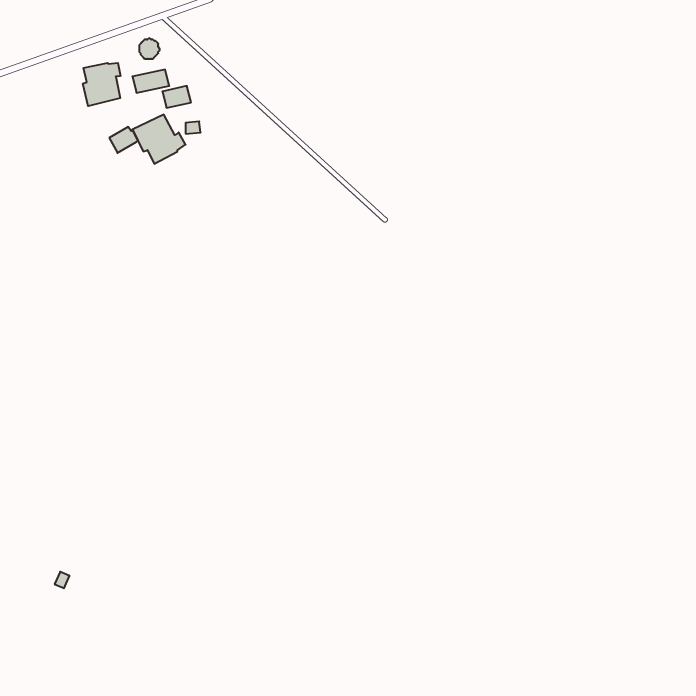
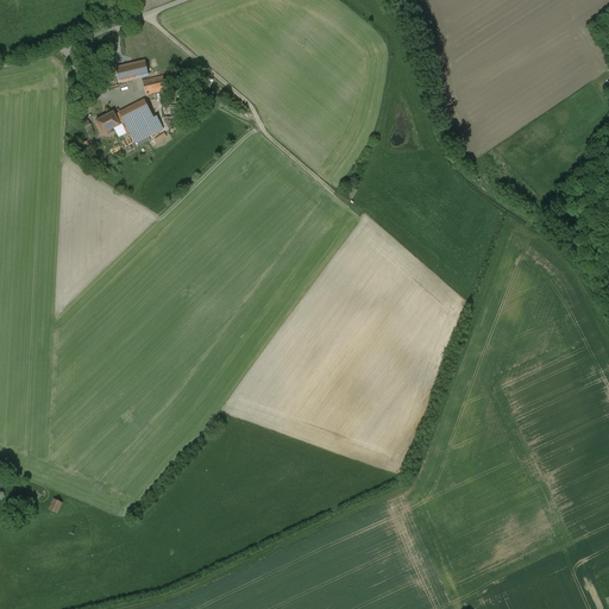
building: [83,63,120,106] -> none

